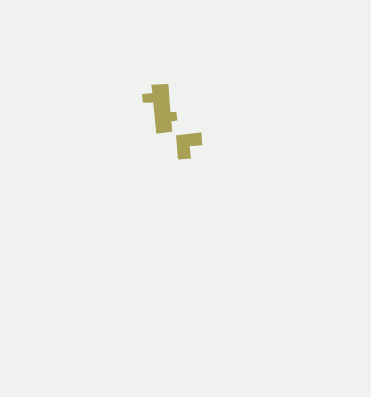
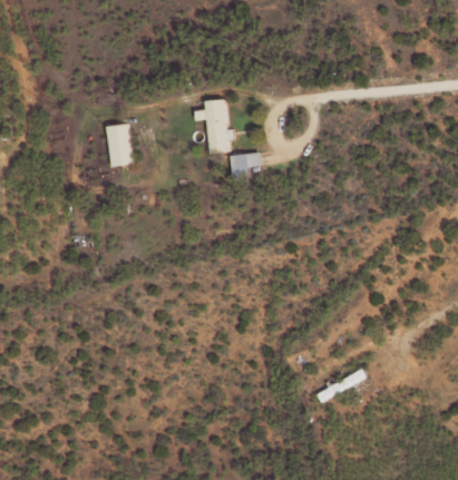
building: none -> [106,124,131,167]

